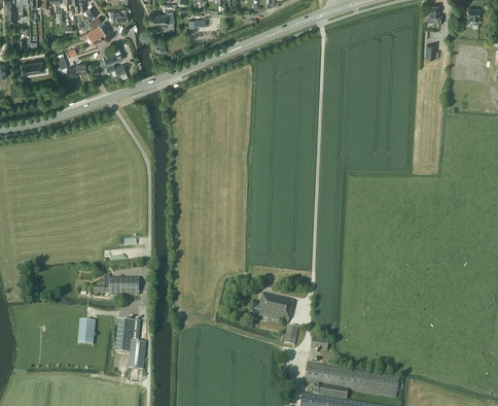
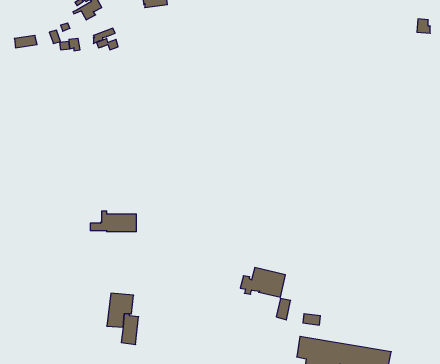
building: [93,274,139,295] -> [90,211,136,232]
building: [77,319,96,345] -> none

